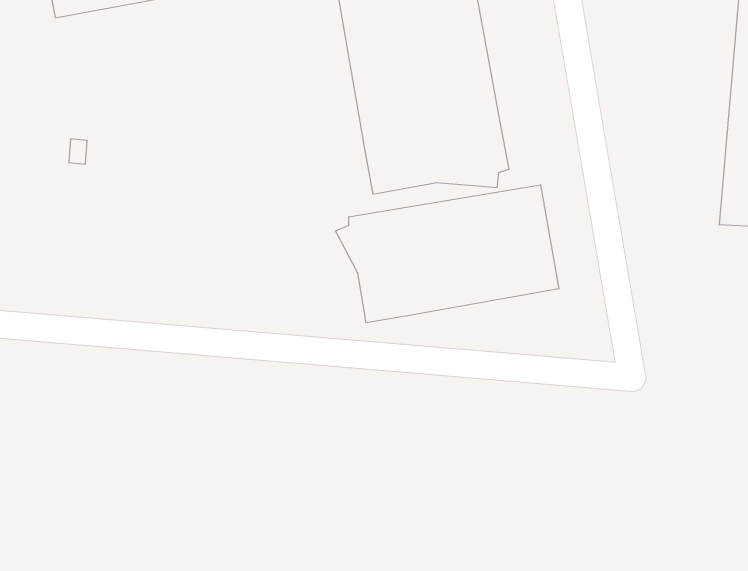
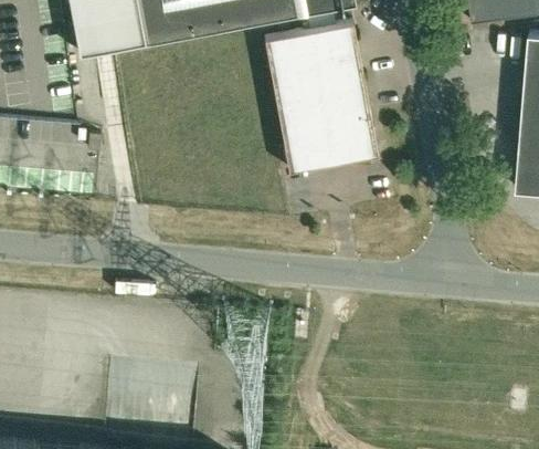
building: [336,185,559,323] -> none

